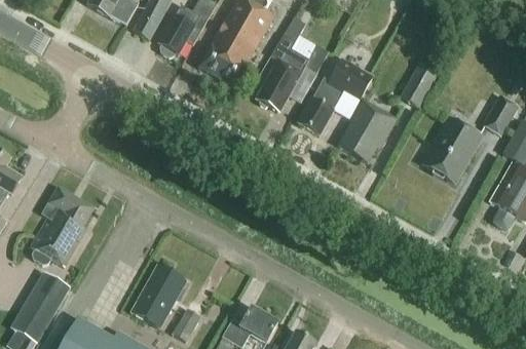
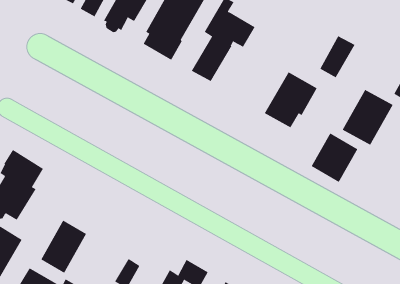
building: [298,60,372,135] -> none
building: none -> [311,132,358,183]
building: [133,268,184,327] -> [41,220,87,273]

